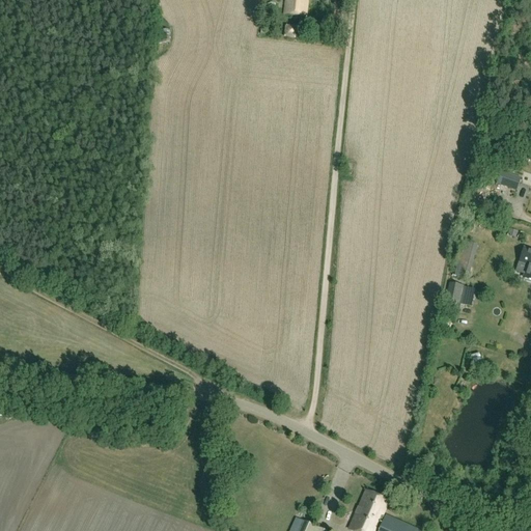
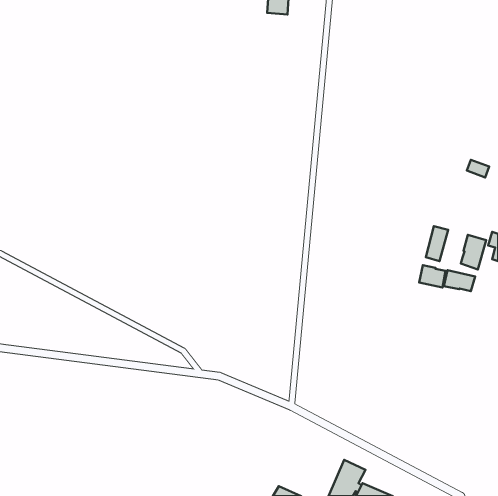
building: none -> [461,235,486,269]
building: none -> [444,270,475,291]

